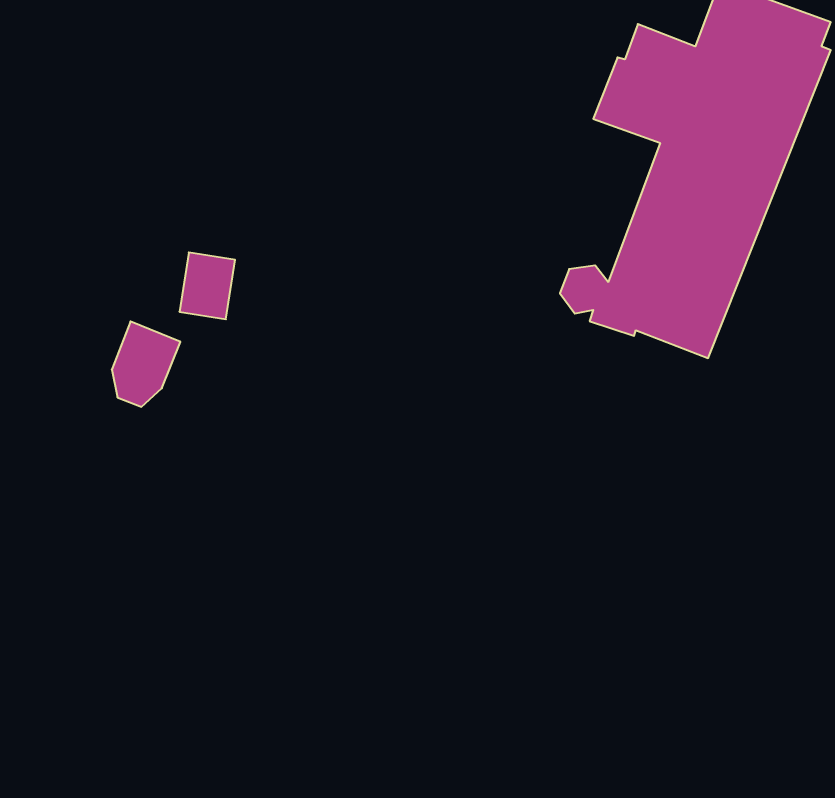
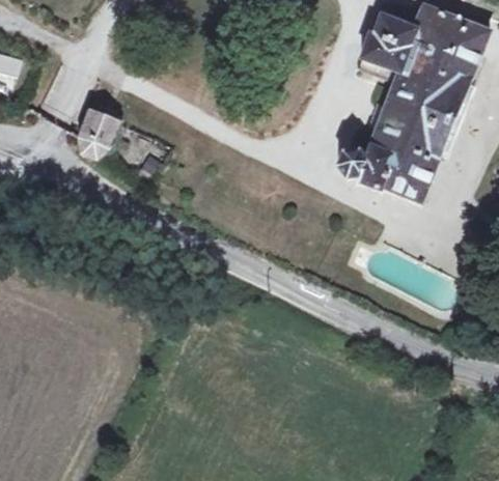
building: [112,321,180,407] -> [80,109,118,157]

